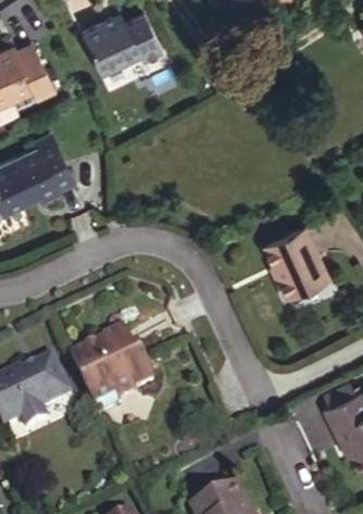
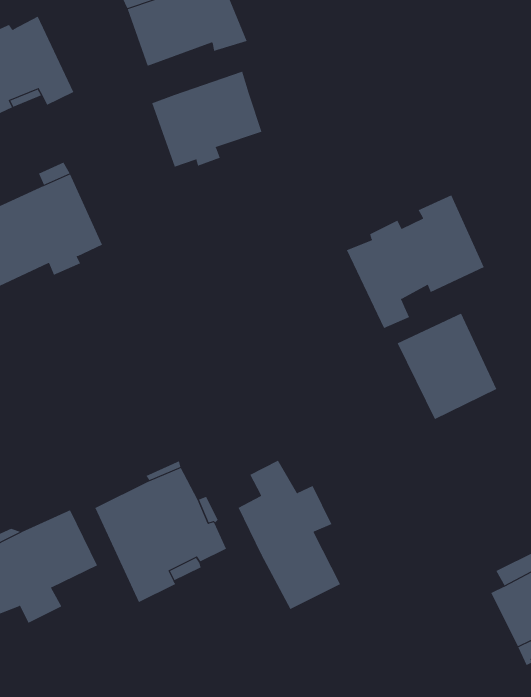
building: none -> [152,71,262,167]
building: none -> [346,194,485,329]
building: none -> [238,460,341,610]

